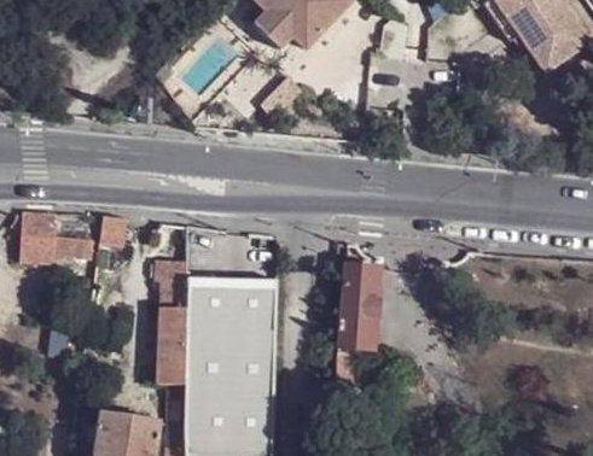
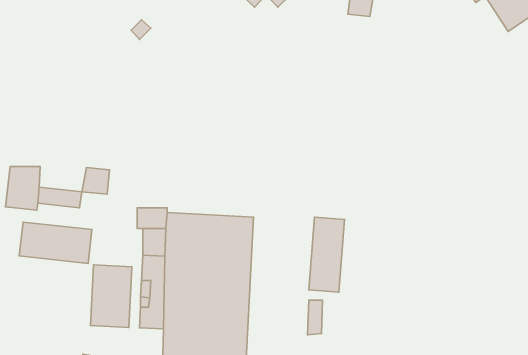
building: none -> [19,222,92,263]
building: none -> [90,265,132,328]

